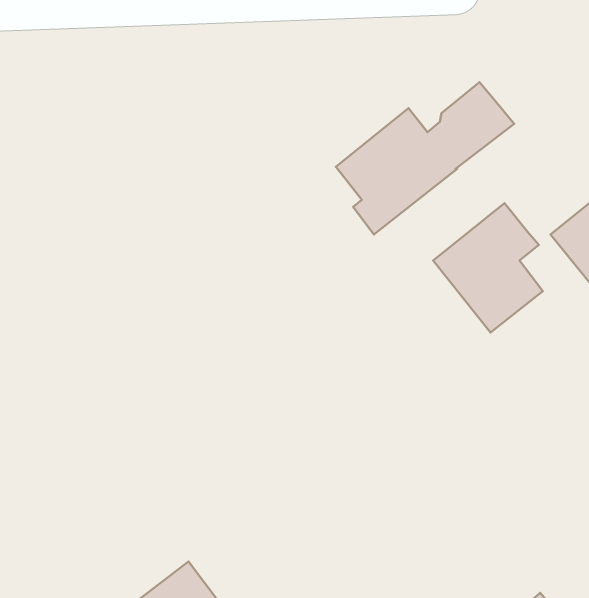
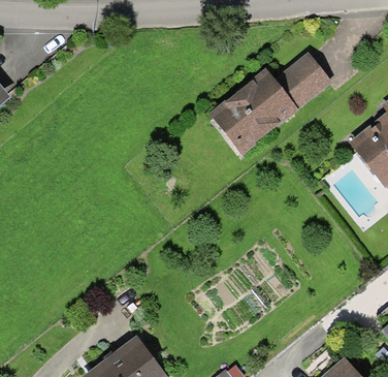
building: [433,203,543,333] -> none

